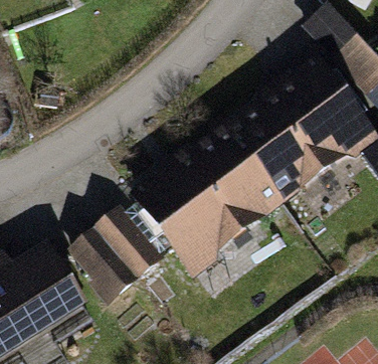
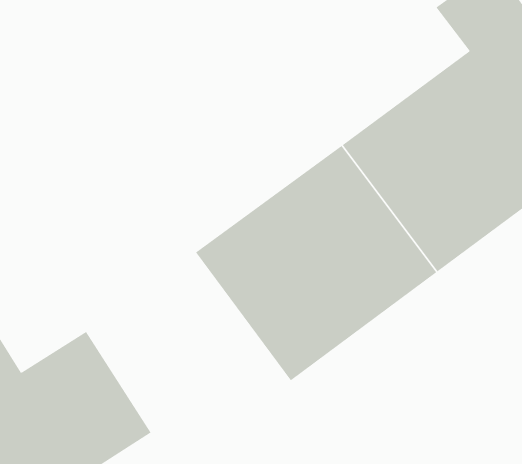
building: [78,213,169,308] -> none

